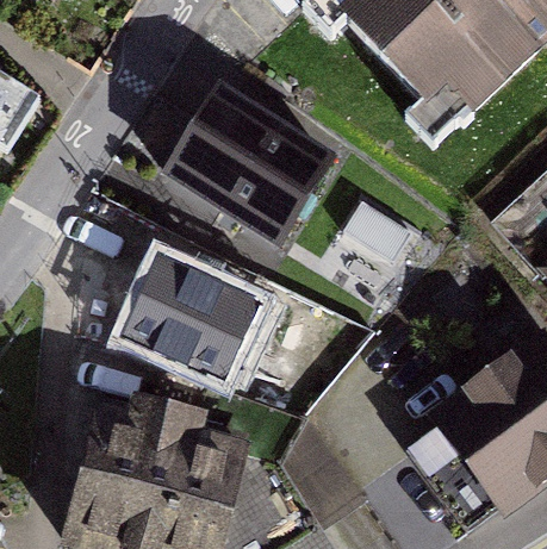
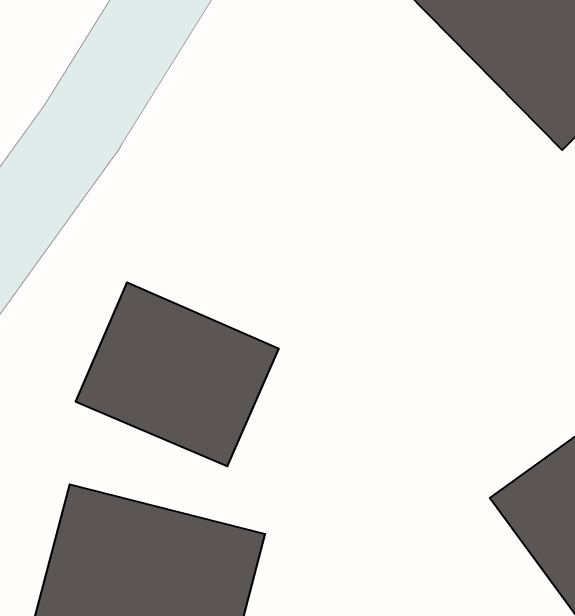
building: [169,104,334,252] -> none

